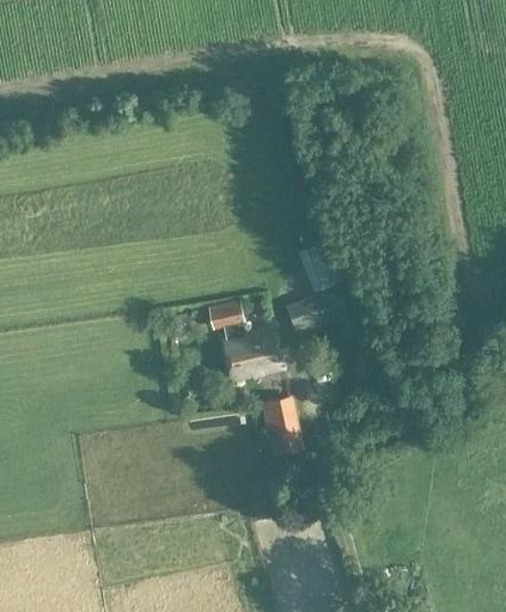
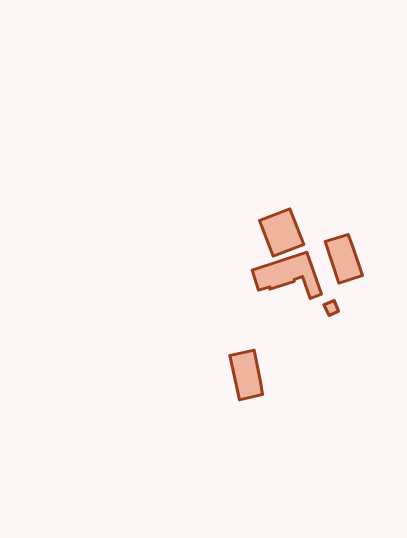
building: none -> [325,234,363,283]
building: [209,301,284,380] -> none

